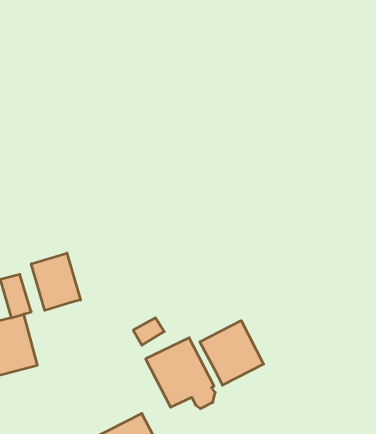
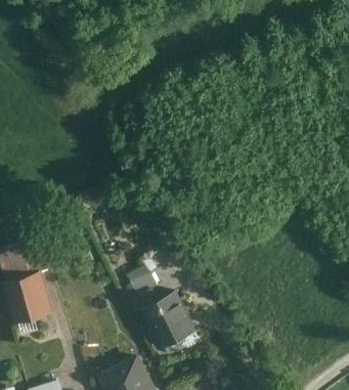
building: [31,253,81,310] -> none
building: [200,321,264,385] -> none

